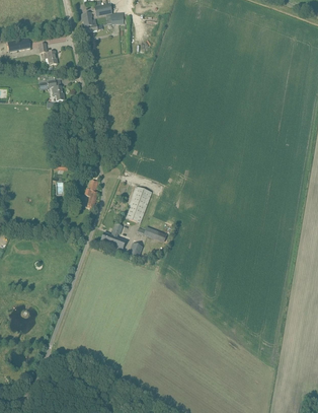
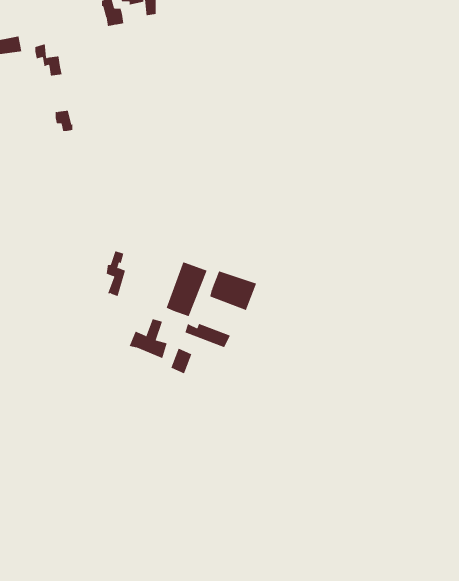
building: none -> [210,270,257,311]

